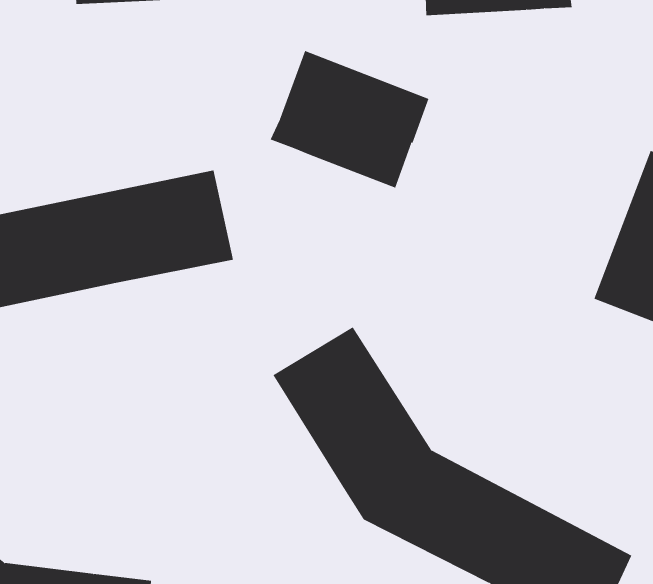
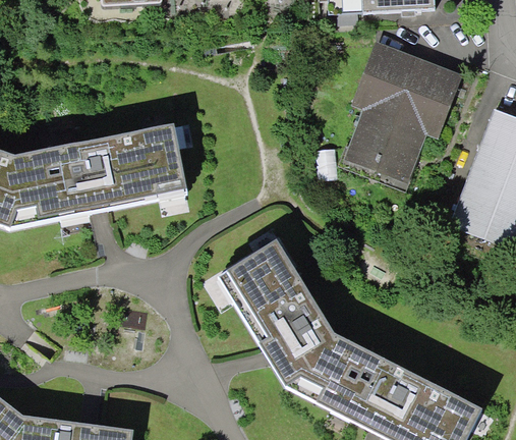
building: [270,50,429,188] -> none
building: none -> [350,44,461,177]

